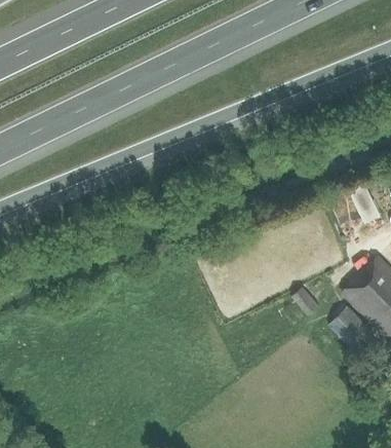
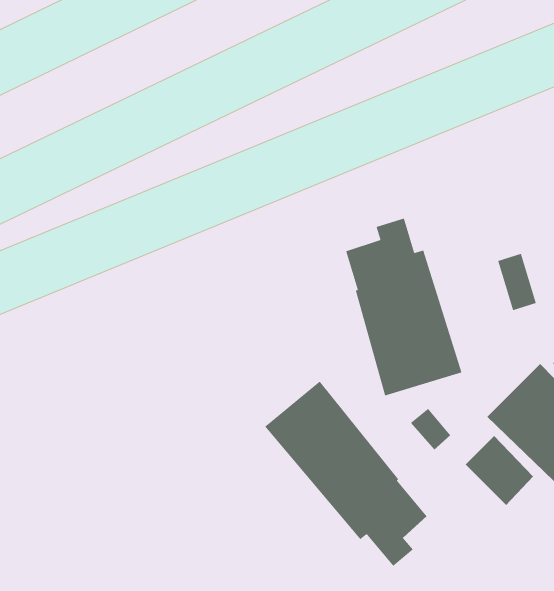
building: none -> [345,218,462,397]
building: none -> [264,380,427,567]

